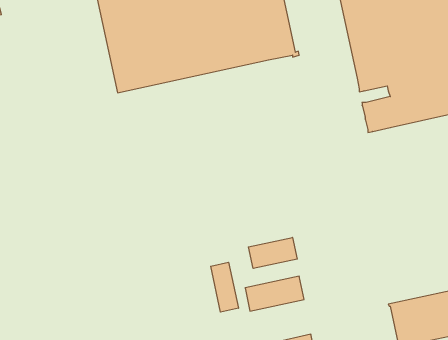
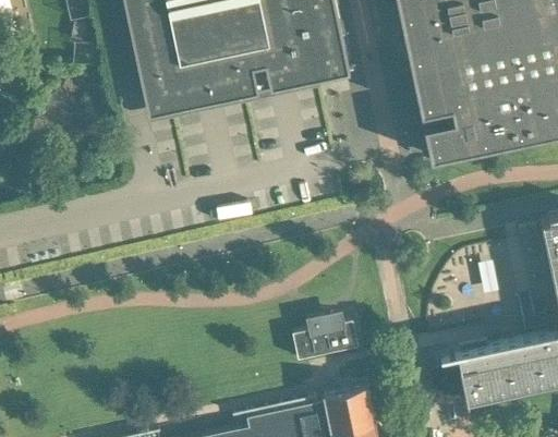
building: [248,237,297,268] -> none
building: [211,262,238,312] -> none

